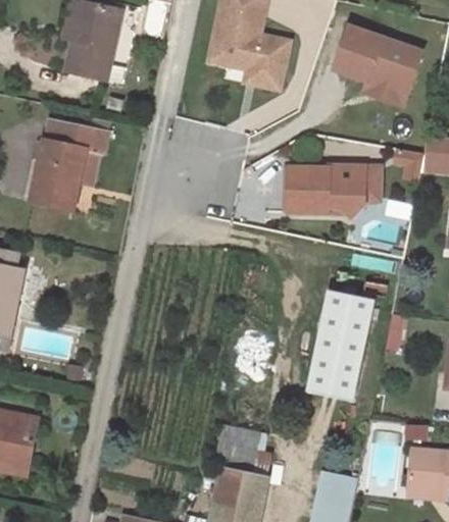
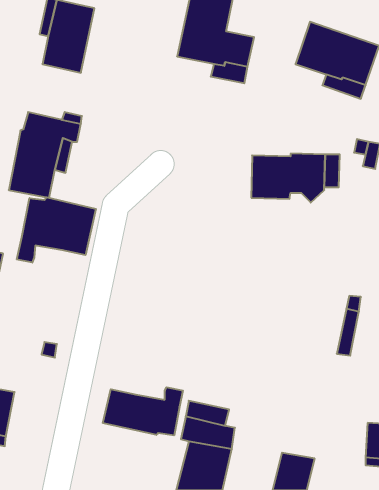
building: none -> [17,197,96,263]
building: [307,291,372,400] -> none
building: none -> [103,387,183,435]

